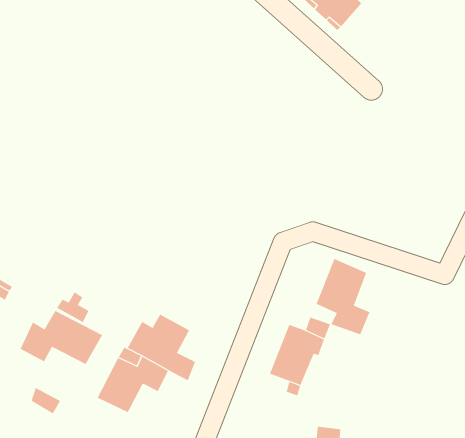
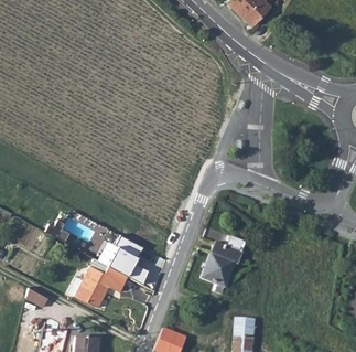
building: [316,258,370,335] -> none
building: [20,310,103,365] -> none

